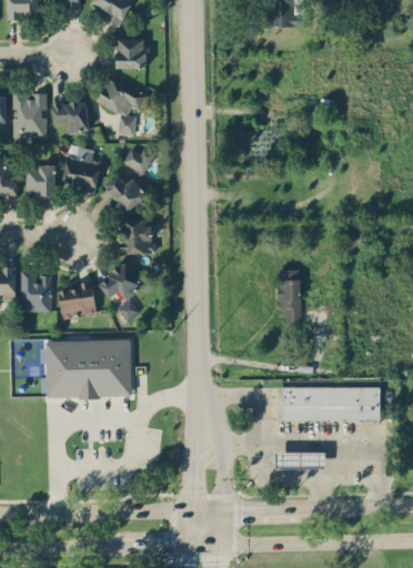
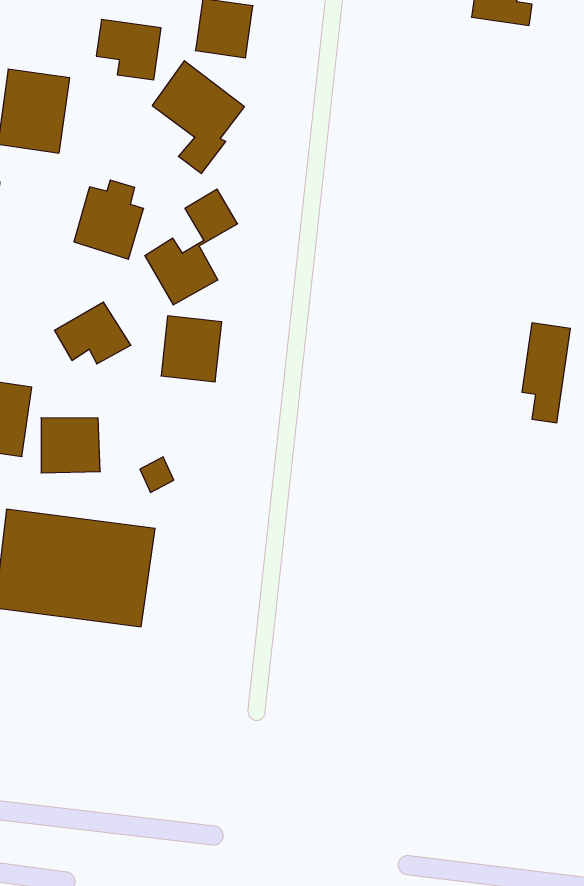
building: [53,102,88,132] -> [96,19,161,80]
building: [27,165,56,195] -> none
building: [99,263,143,298] -> [54,302,131,364]
building: [279,270,301,324] -> [522,323,570,423]
building: [282,386,380,420] -> none
building: [275,452,328,468] -> none

